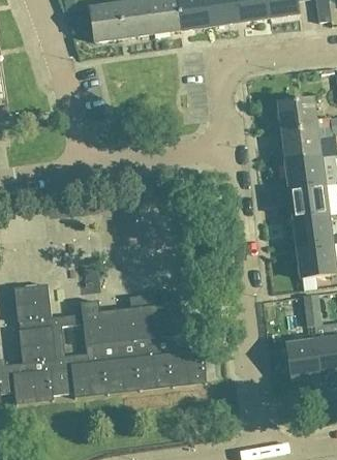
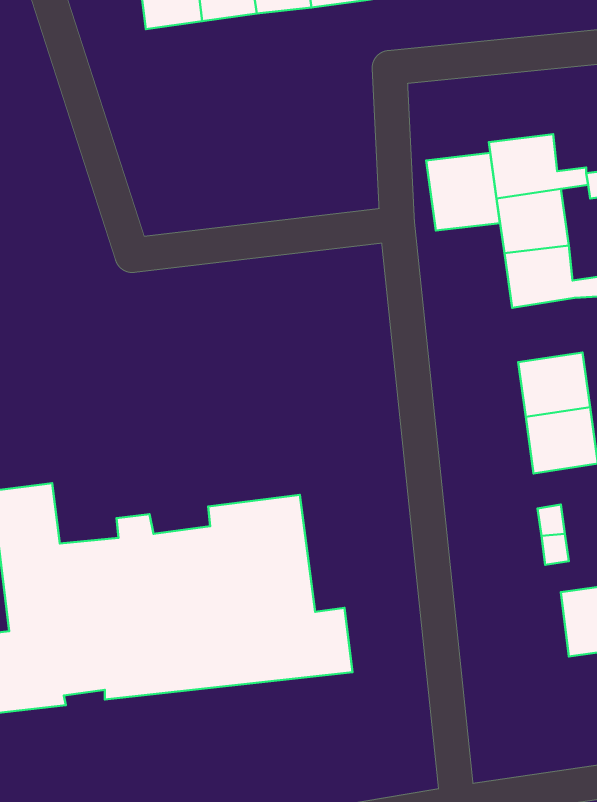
building: none -> [426,153,500,231]
building: [290,184,328,218] -> none
building: [286,340,320,378] -> none

